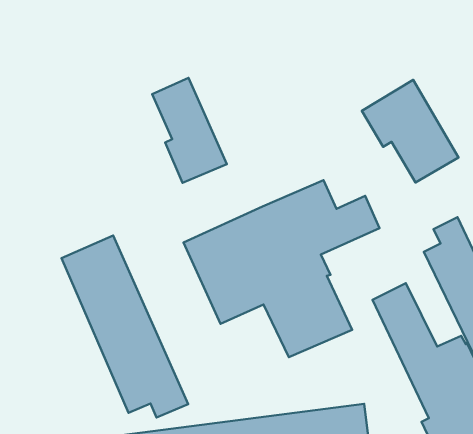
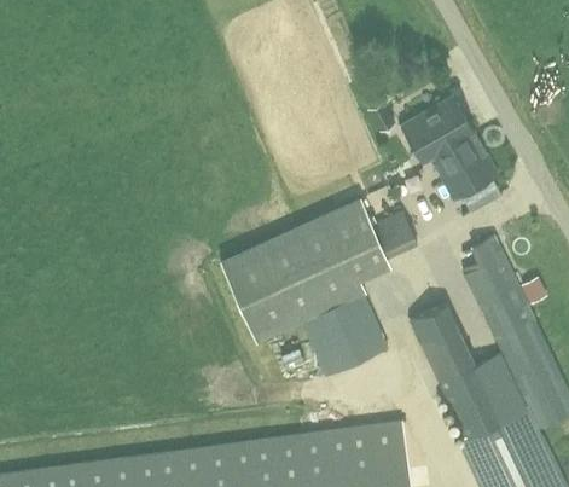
building: [152,78,227,183] -> none
building: [61,236,188,418] -> none

